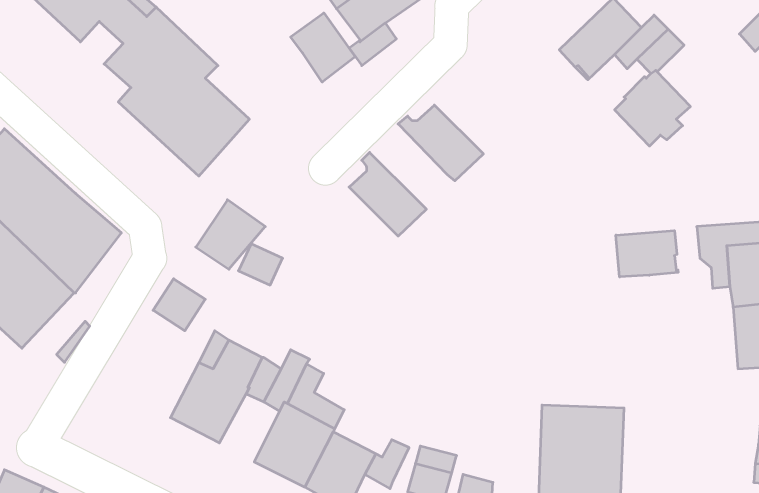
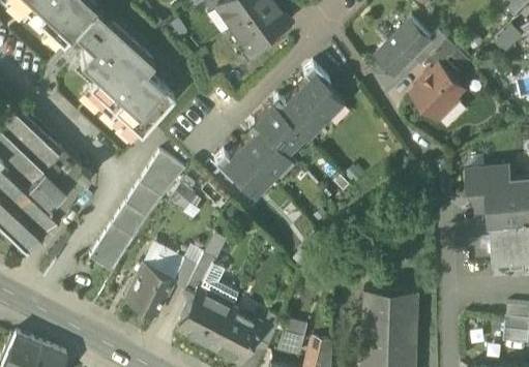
building: [291,13,355,82] -> none
building: none -> [296,64,347,123]
building: none -> [254,103,304,154]
building: none -> [214,145,272,195]
building: [616,231,678,277] -> none
building: none -> [125,184,161,218]
building: none -> [89,225,133,272]

